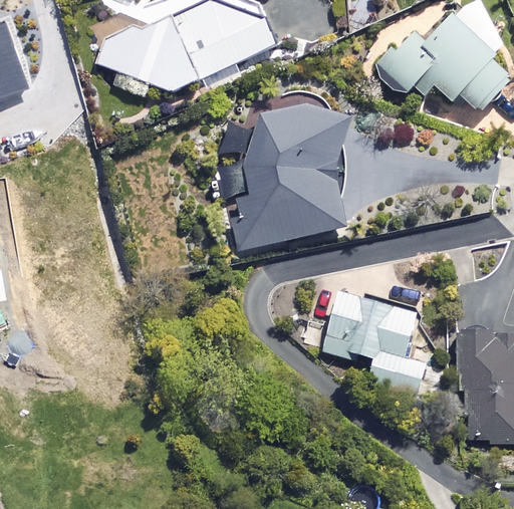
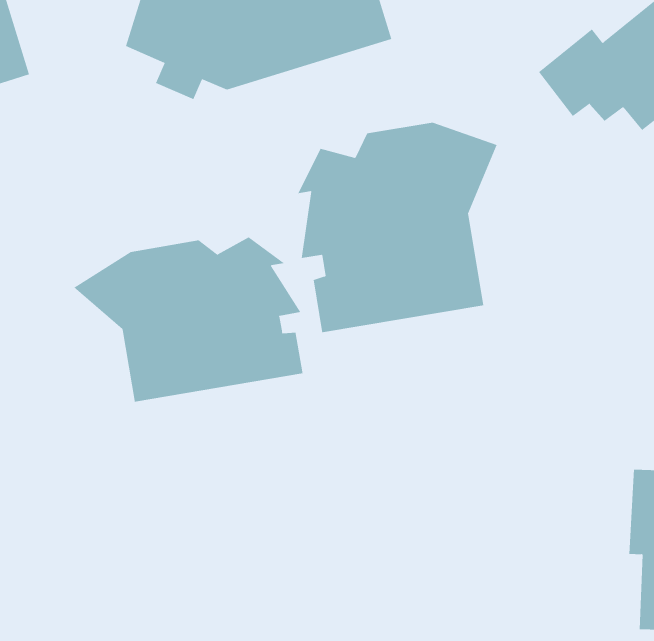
building: none -> [73,237,303,402]
building: [325,293,426,392] -> none

